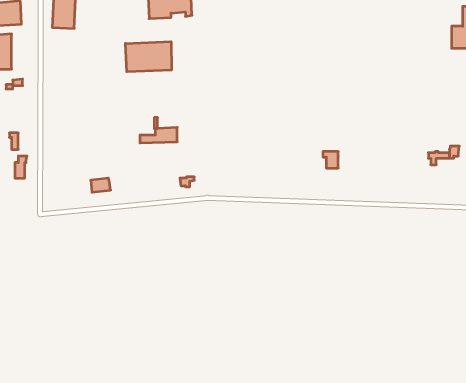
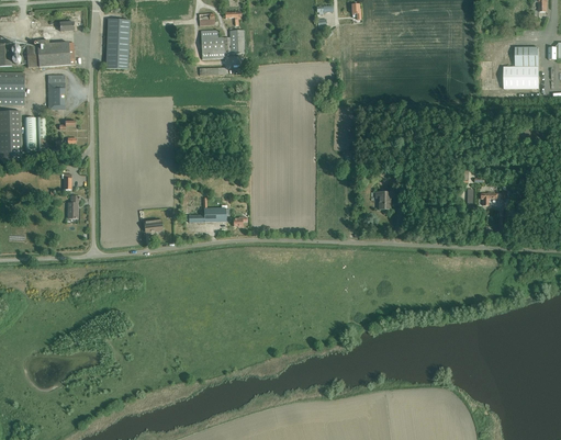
building: [125,42,171,72] -> none
building: [140,118,177,143] -> [188,198,225,223]

